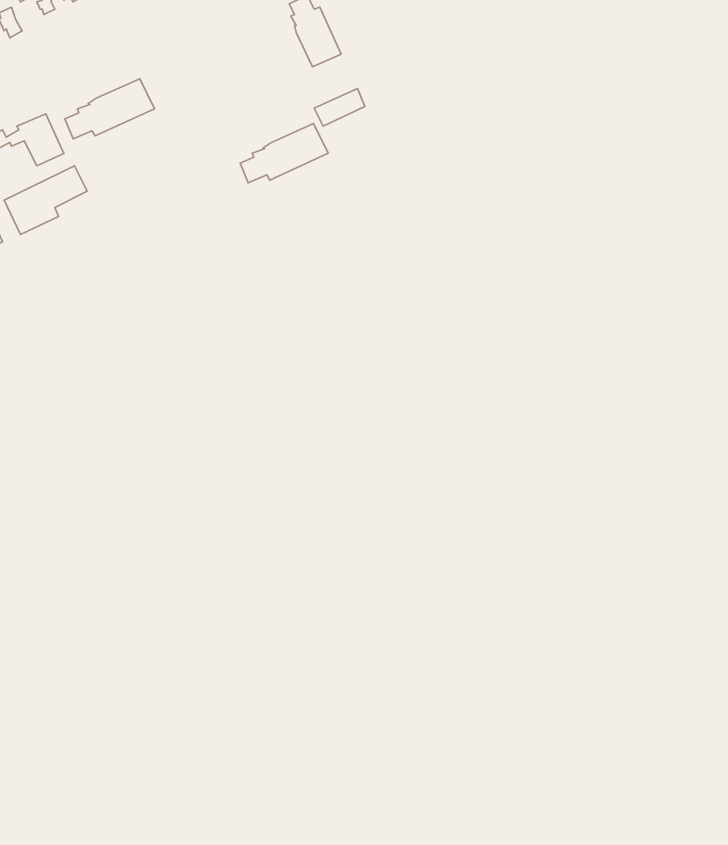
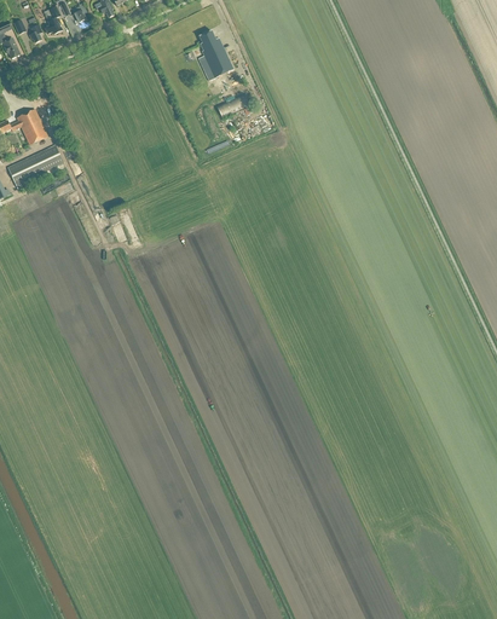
building: [65,79,154,139] -> none
building: [240,123,328,183] -> none

